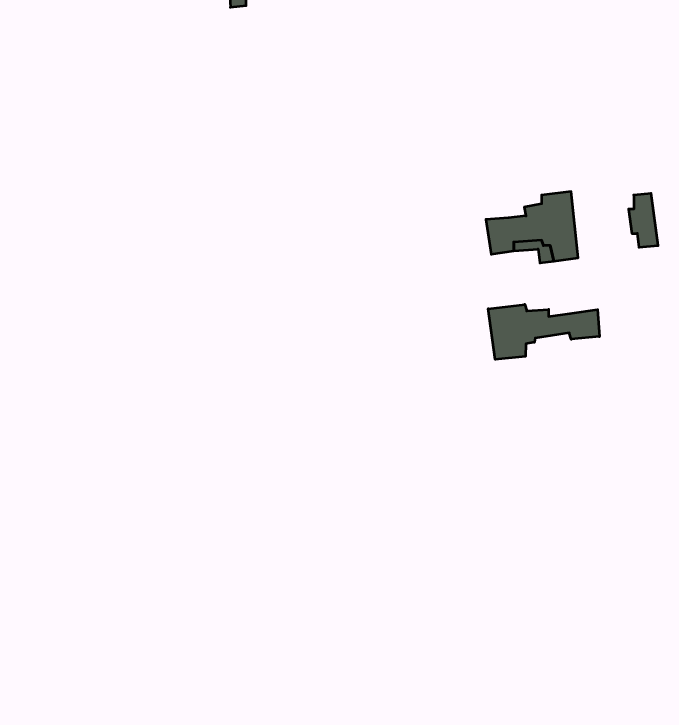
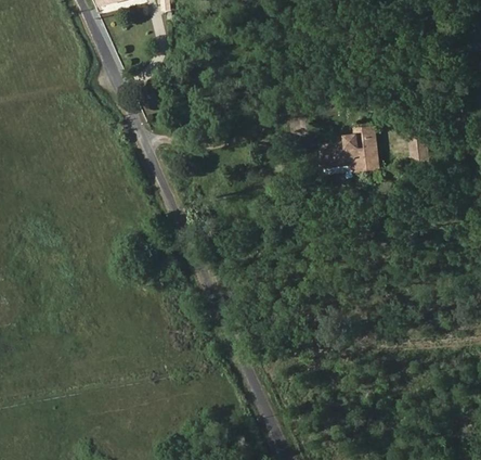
building: [488,304,599,359] -> none

